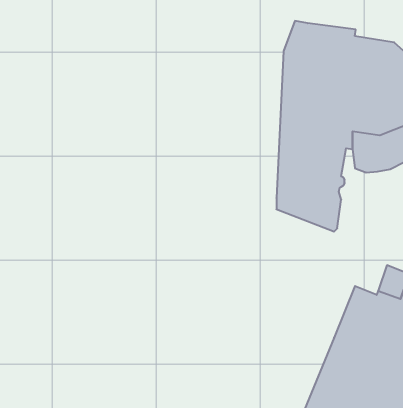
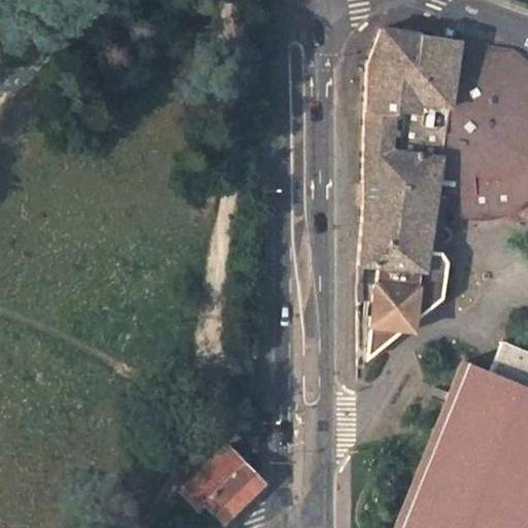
building: none -> [362,271,438,353]
building: none -> [189,448,261,518]

